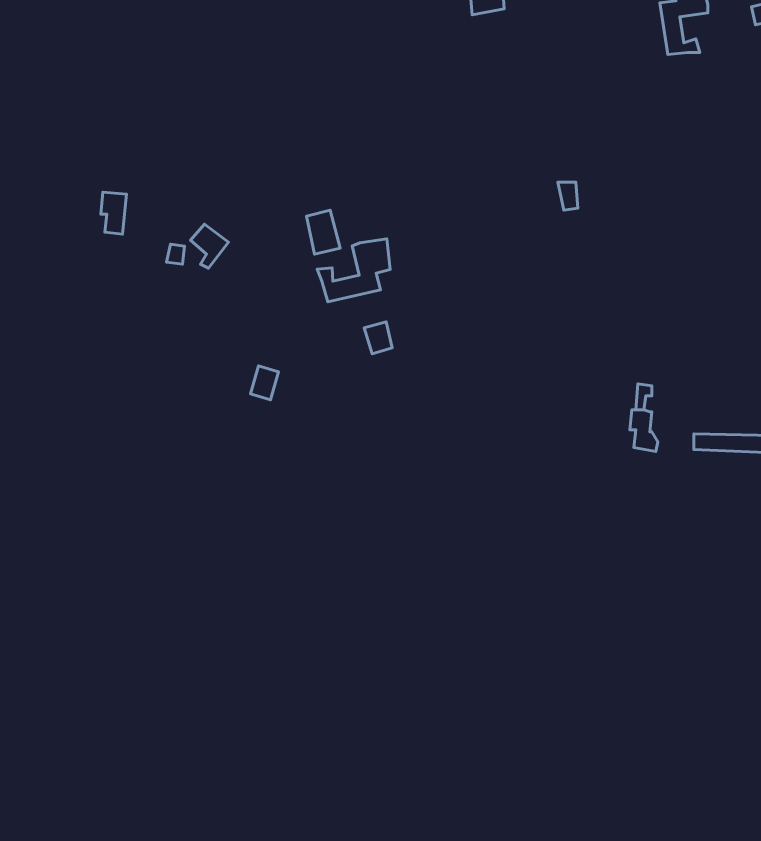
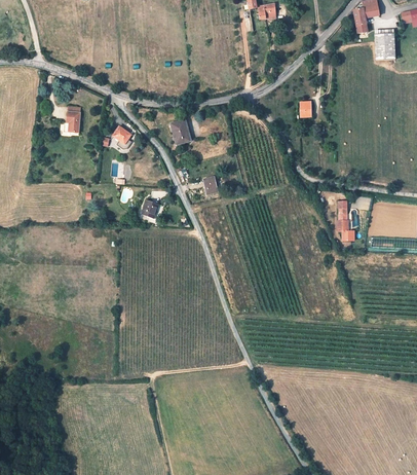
building: none -> [375,35,396,63]
building: [317,239,390,302] -> none

